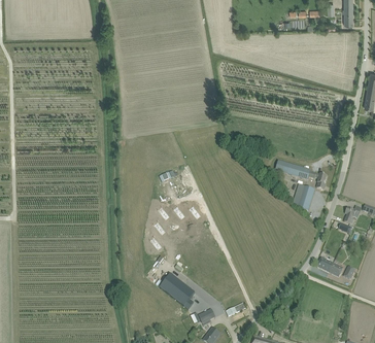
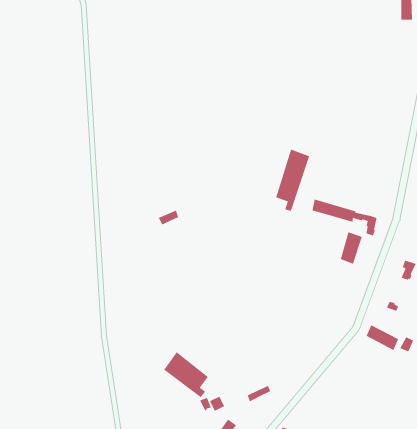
building: none -> [275,148,310,212]

